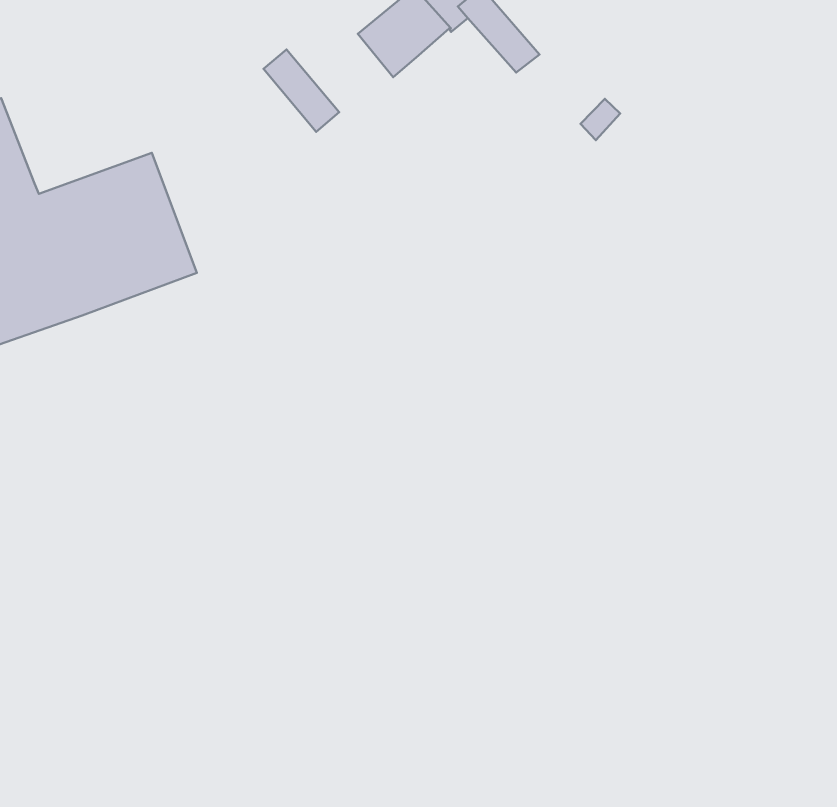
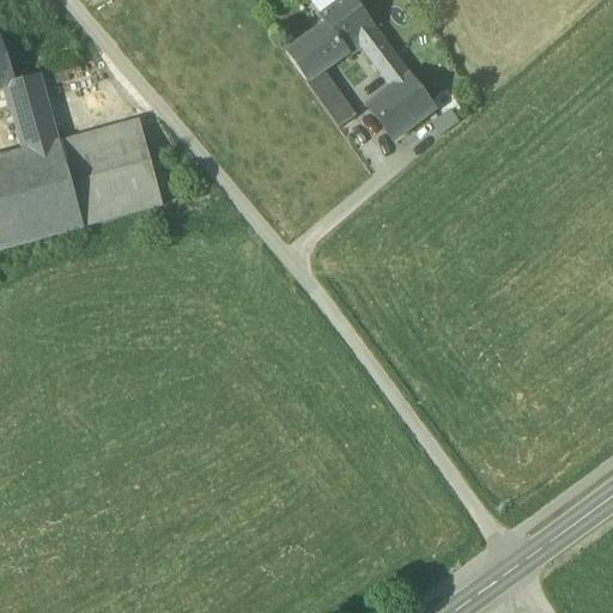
building: [263,49,339,132] -> [306,67,356,125]
building: none -> [366,72,432,136]

